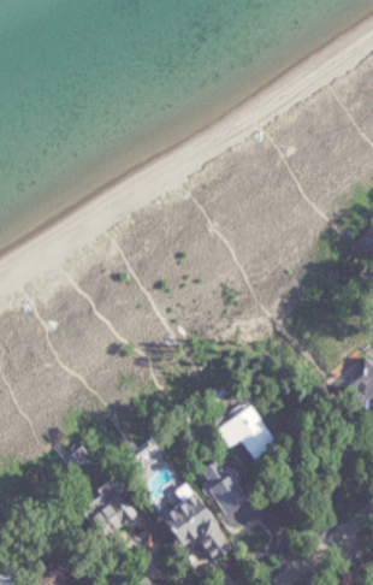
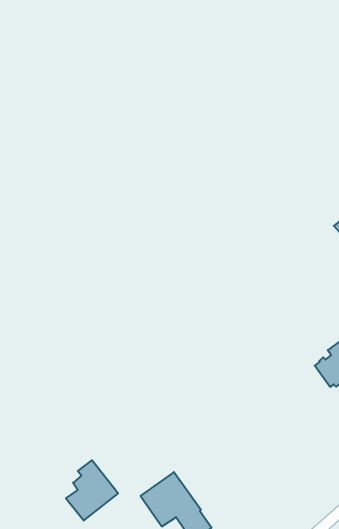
building: [213,402,274,460] -> none
building: [202,460,249,512] -> none

